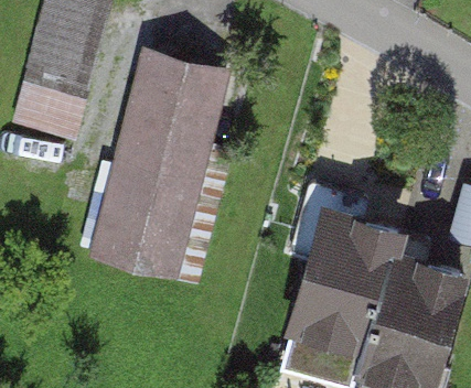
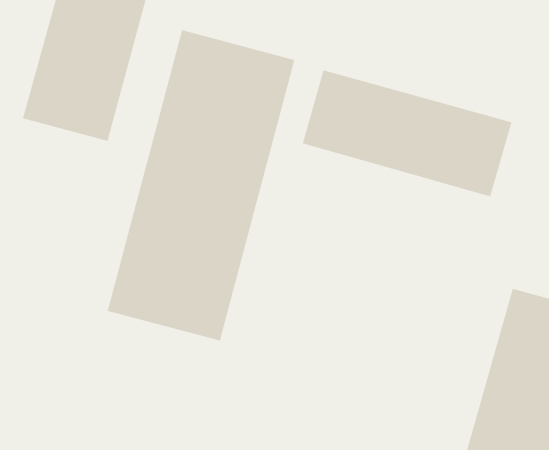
building: none -> [302,70,512,197]
building: [283,200,399,360] -> none

